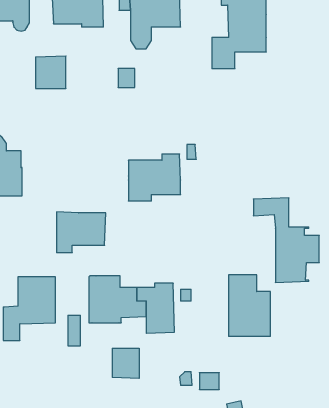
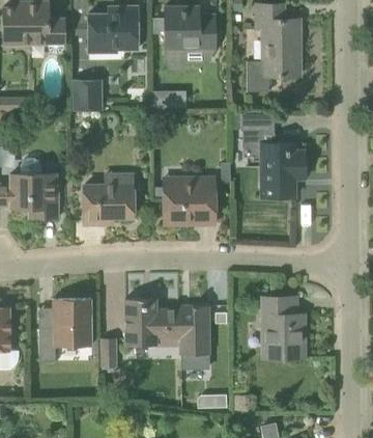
building: [253,198,319,282] -> [240,114,306,198]
building: [57,212,106,253] -> [85,185,134,225]
building: [112,348,139,378] -> none

